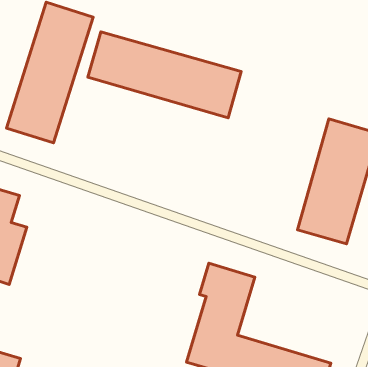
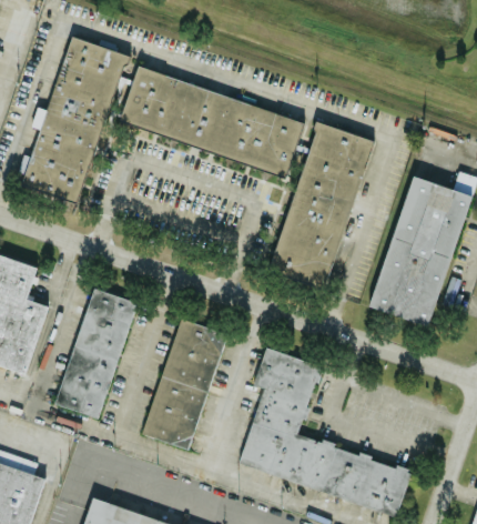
building: none -> [271,121,373,288]
building: none -> [55,288,135,420]
building: none -> [142,319,226,450]

